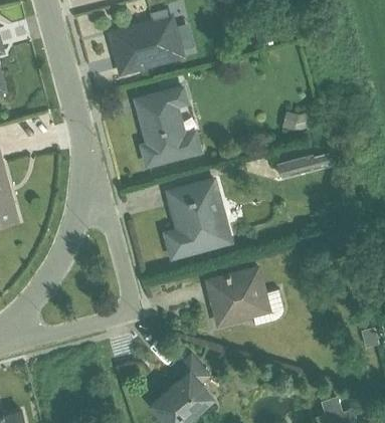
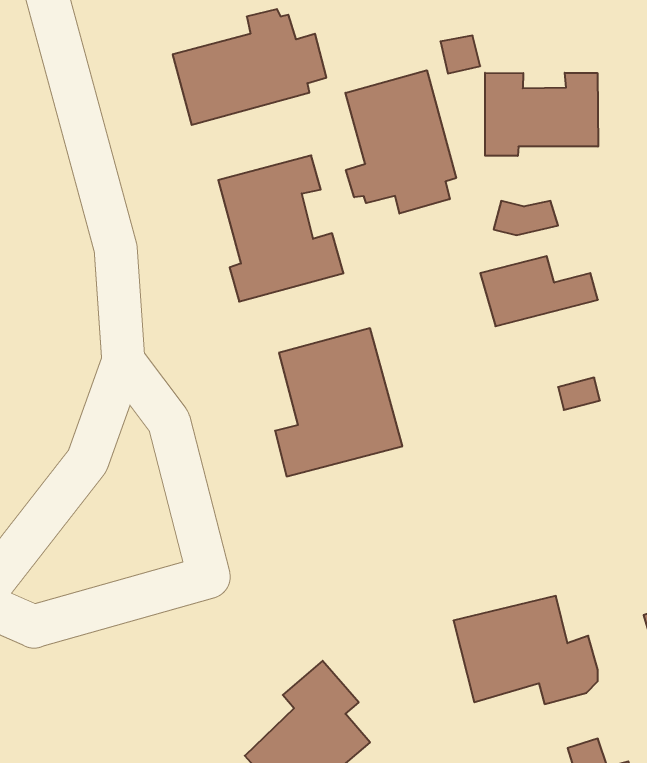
building: none -> [345,70,456,214]
building: none -> [485,73,598,156]
building: [206,269,282,327] -> [453,596,598,704]

